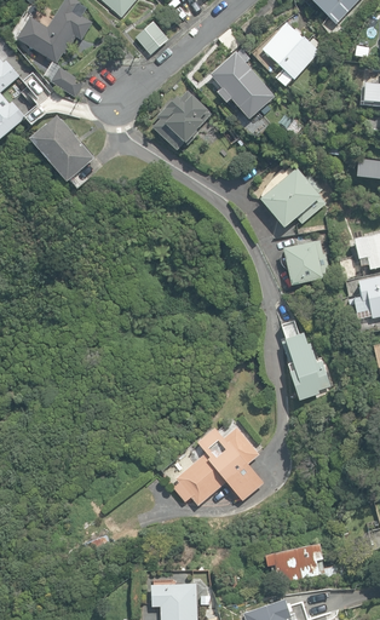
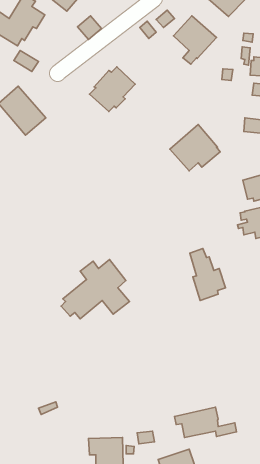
building: [211,48,276,117] -> none
building: [281,239,330,285] -> none
building: [173,425,264,504] -> [61,259,130,319]

